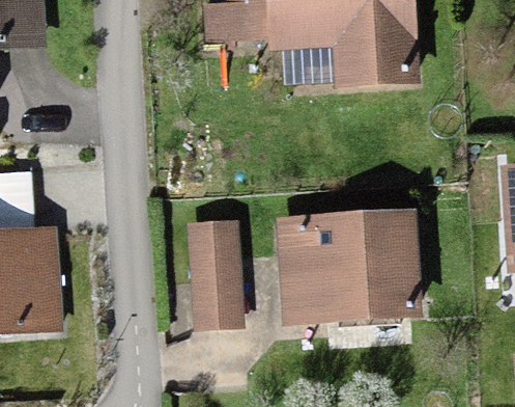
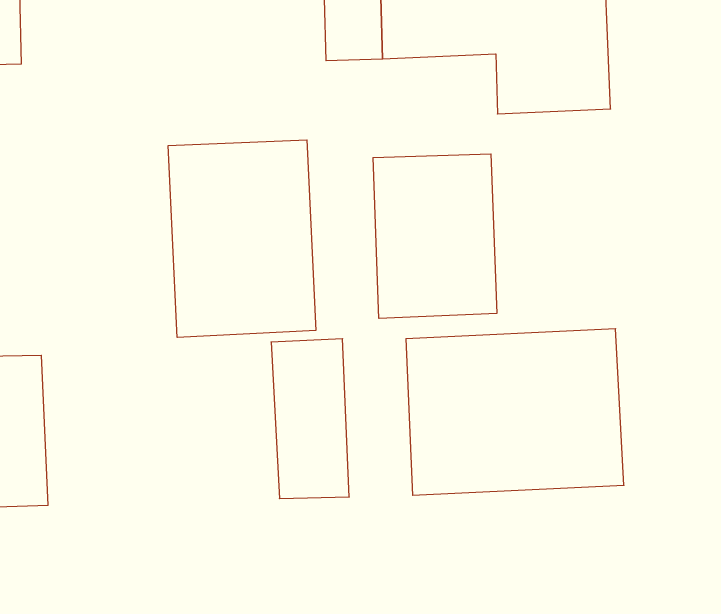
building: none -> [168,140,316,337]
building: none -> [373,154,497,318]

